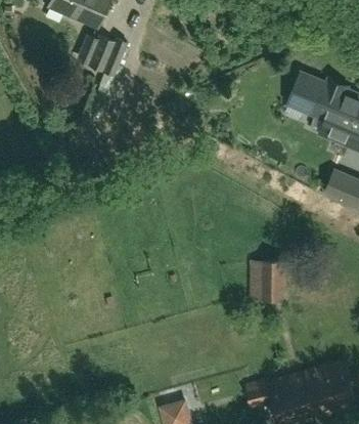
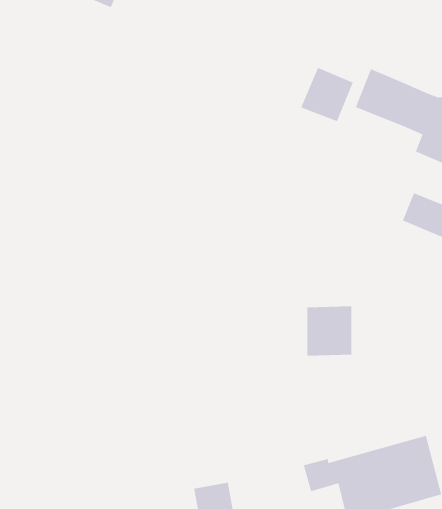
building: [86,36,117,74] -> none
building: none -> [300,67,354,122]

